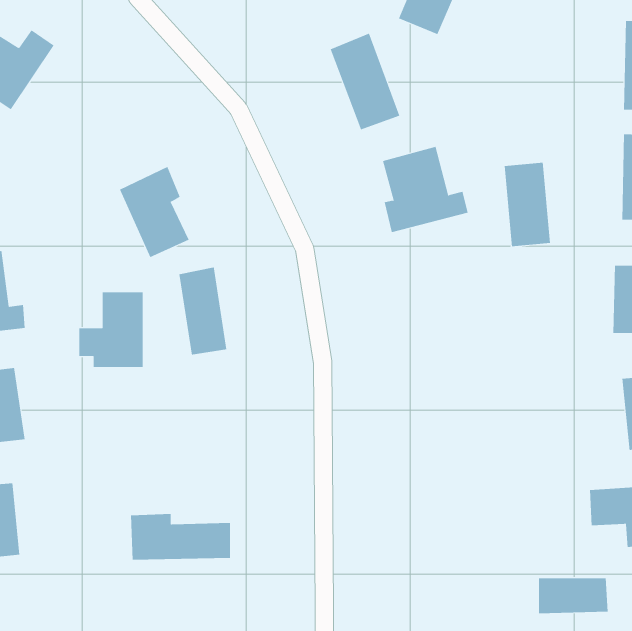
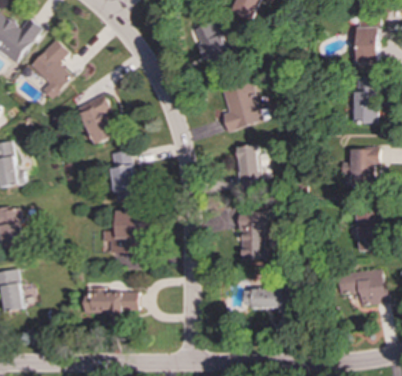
building: none -> [29,38,71,98]
building: [504,162,551,247] -> [235,144,261,191]
building: [79,292,143,367] -> [101,210,137,252]
building: none -> [239,210,266,261]
building: [538,578,608,614] -> [244,288,283,308]

